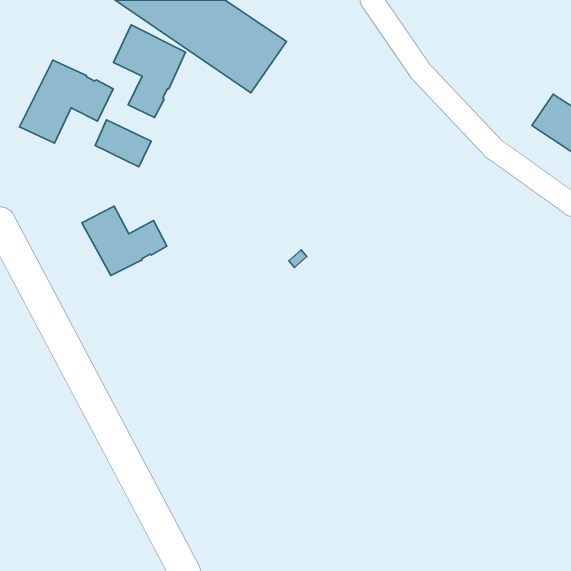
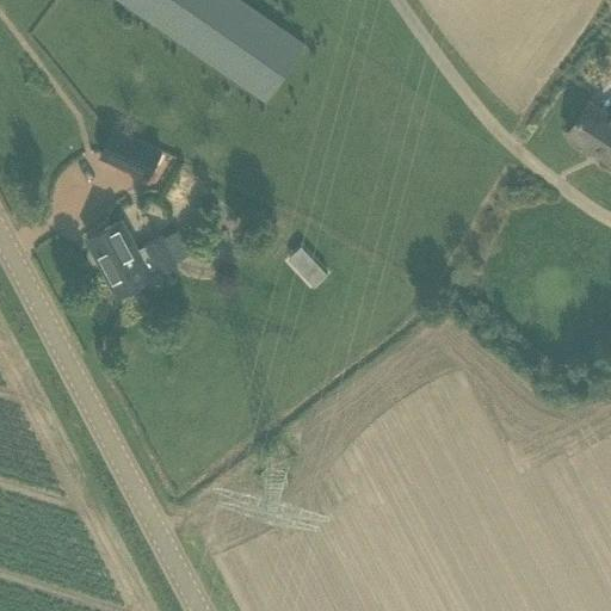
building: [113,25,185,117] -> none
building: [19,60,113,143] -> none

